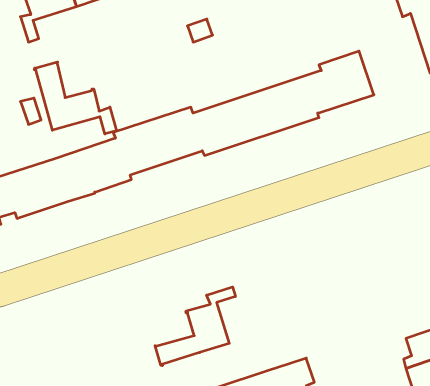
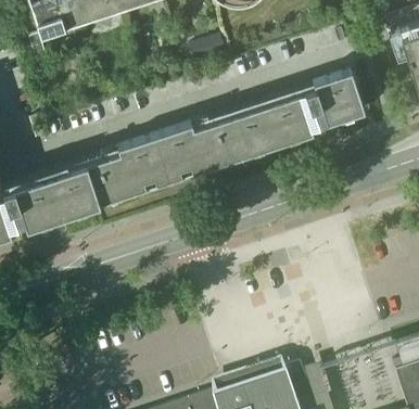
building: [34,62,116,134] -> none
building: [155,287,235,366] -> none

